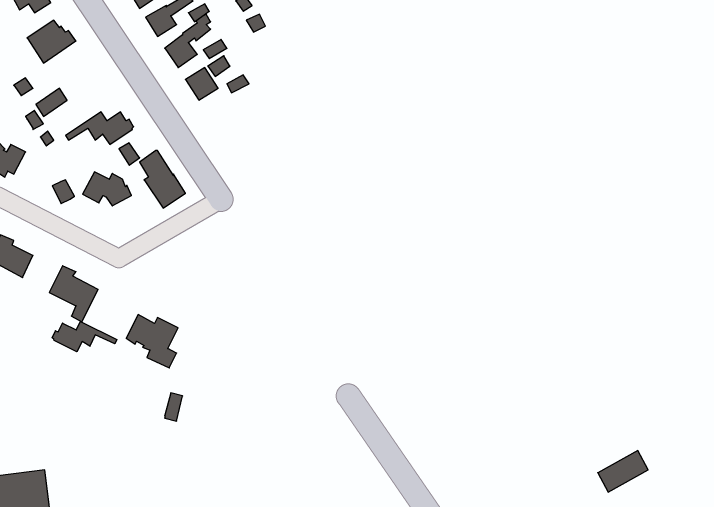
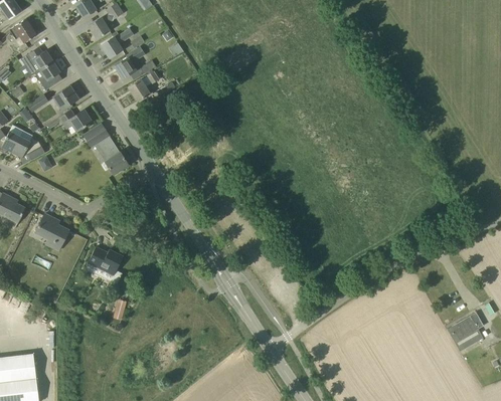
building: none -> [34,61,62,90]
building: none -> [51,85,78,111]
building: [83,172,131,206] -> [11,137,44,160]
building: [52,321,117,352] -> none
building: [598,451,648,492] -> [448,314,482,342]

